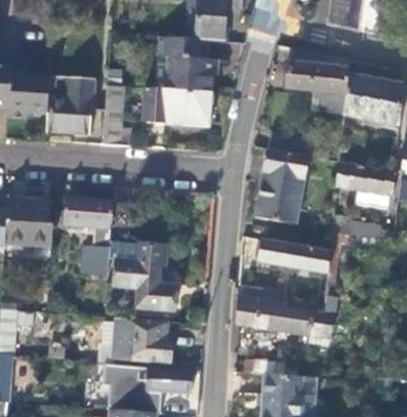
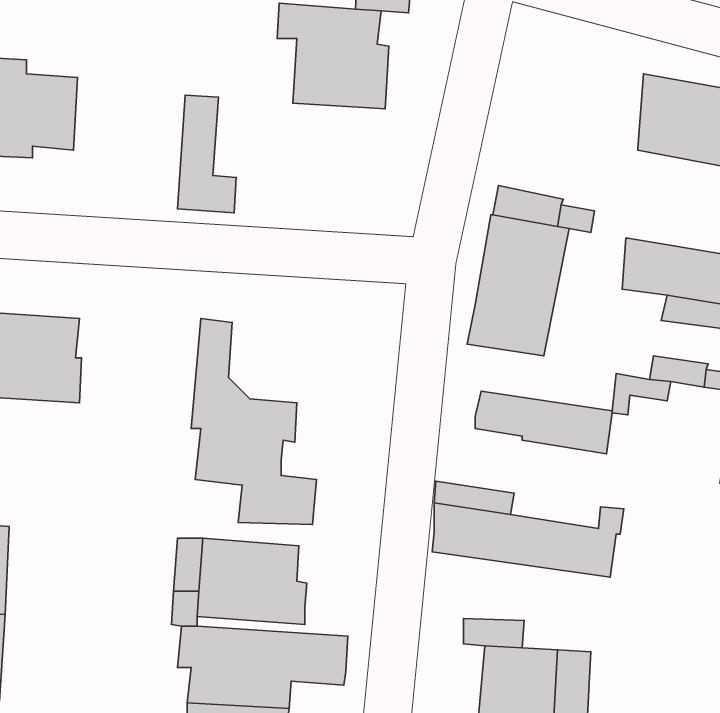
building: [286,50,349,115] -> none
building: [47,78,91,135] -> none
building: [144,90,211,128] -> none
building: [64,201,112,277] -> none

